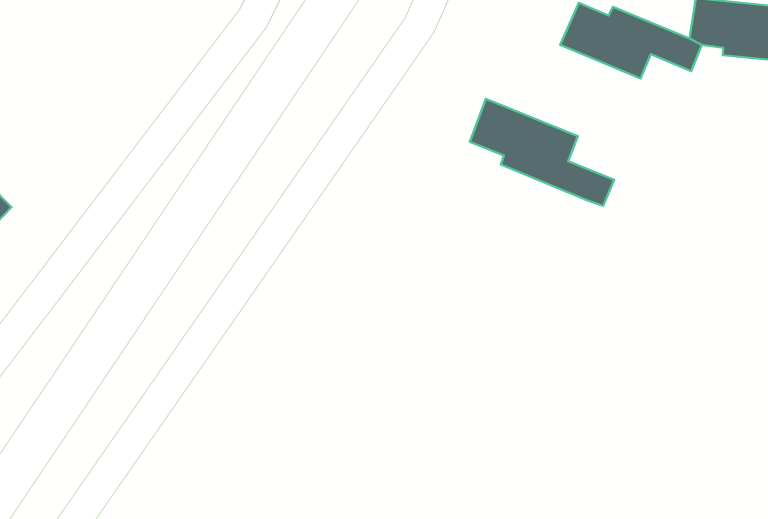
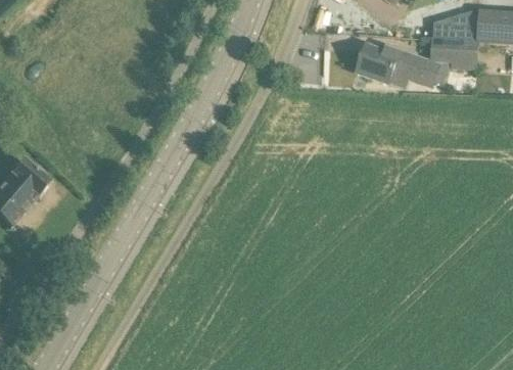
building: [470,99,614,206] -> none

